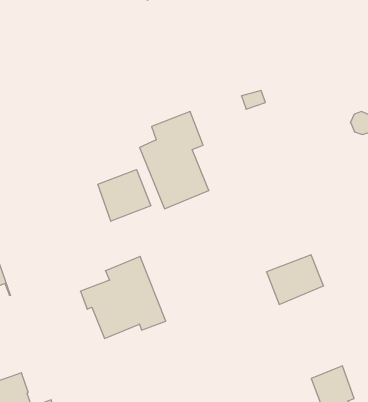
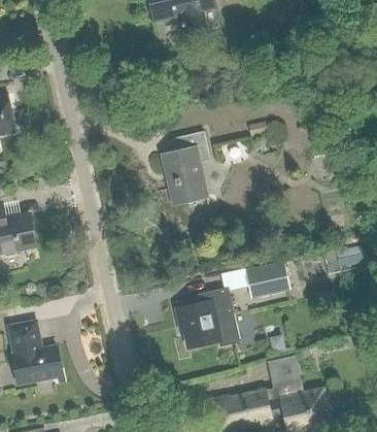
building: [98,170,151,221] -> none
building: [80,256,166,338] -> [175,287,240,348]

